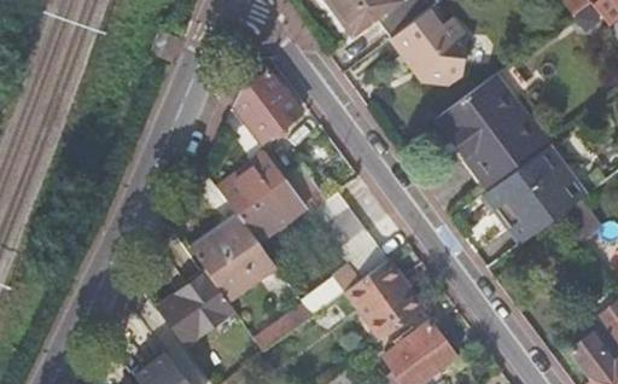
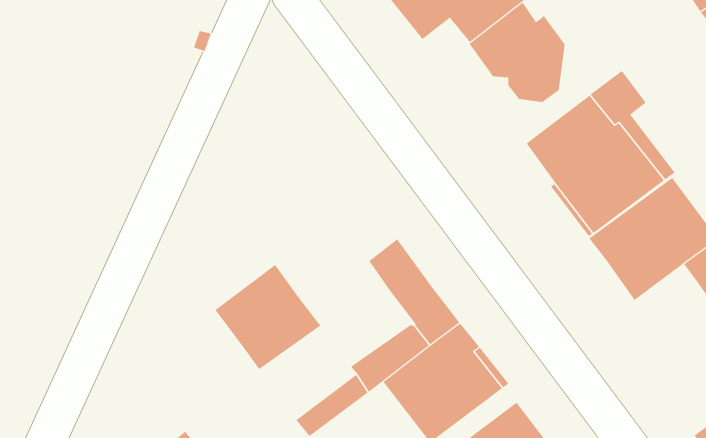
building: [233,71,301,141] -> none
building: [218,156,307,240] -> none
building: [158,270,233,342] -> none

